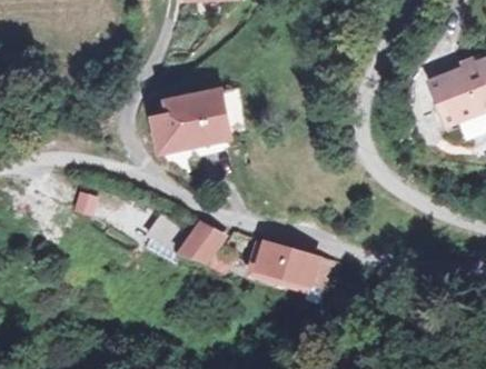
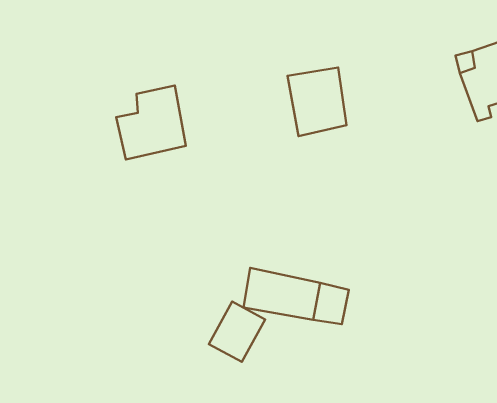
building: [191,89,239,144] -> [288,68,346,136]
building: [180,220,226,269] -> [209,302,265,362]

